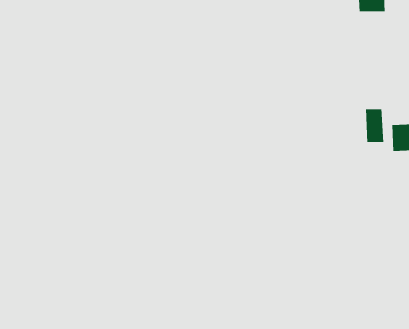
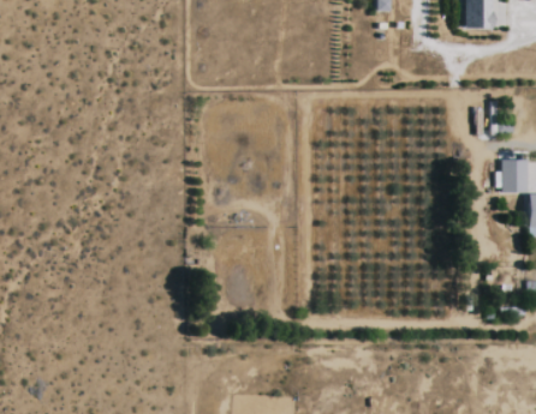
building: [365,108,384,143] -> none

